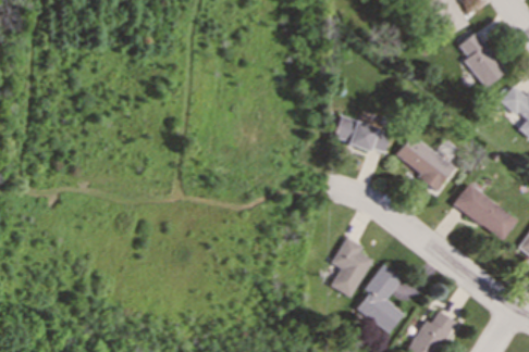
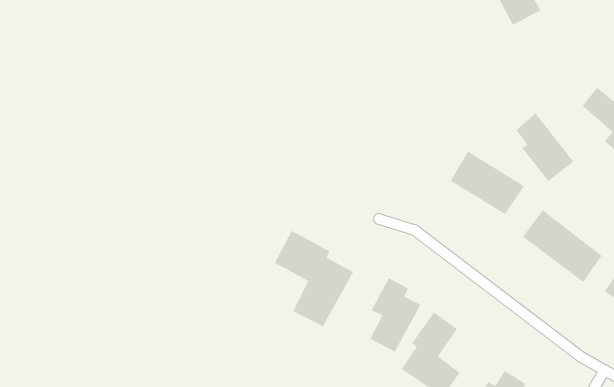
building: [459,32,506,87] -> [516,112,574,182]
building: [333,115,390,152] -> none
building: none -> [274,230,354,327]

